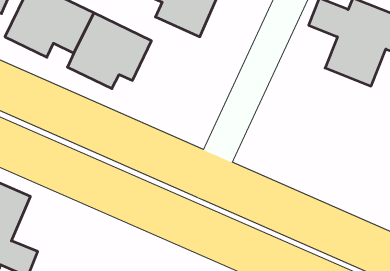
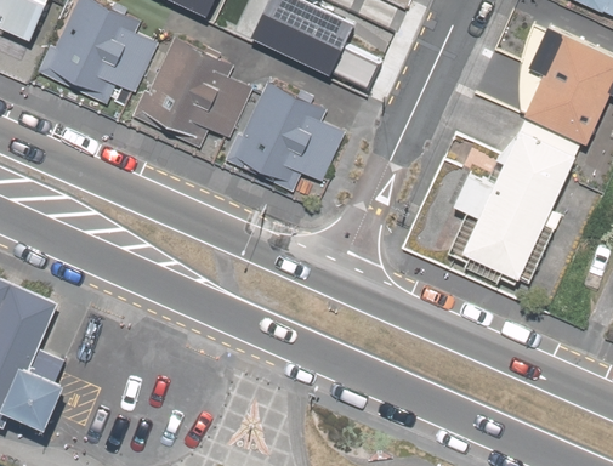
building: none -> [217,79,346,195]
building: none -> [441,119,579,289]

